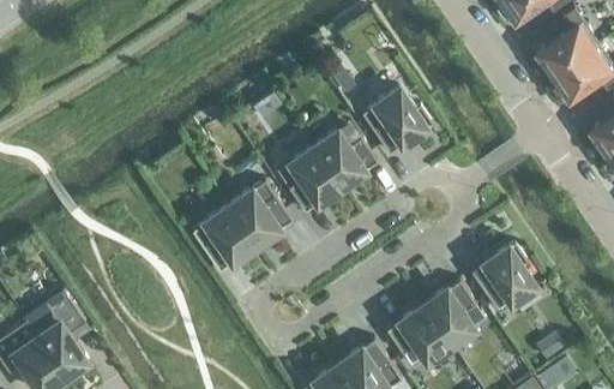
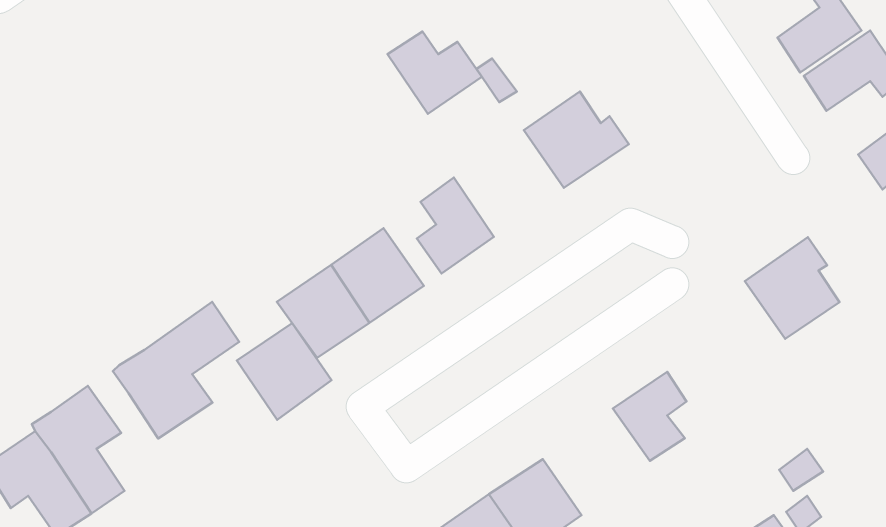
building: [314,131,379,187] -> [387,31,482,114]
building: none -> [113,302,239,438]
building: [472,243,537,312] -> [745,237,839,339]
building: none -> [237,323,331,420]
building: [387,305,449,366] -> none

